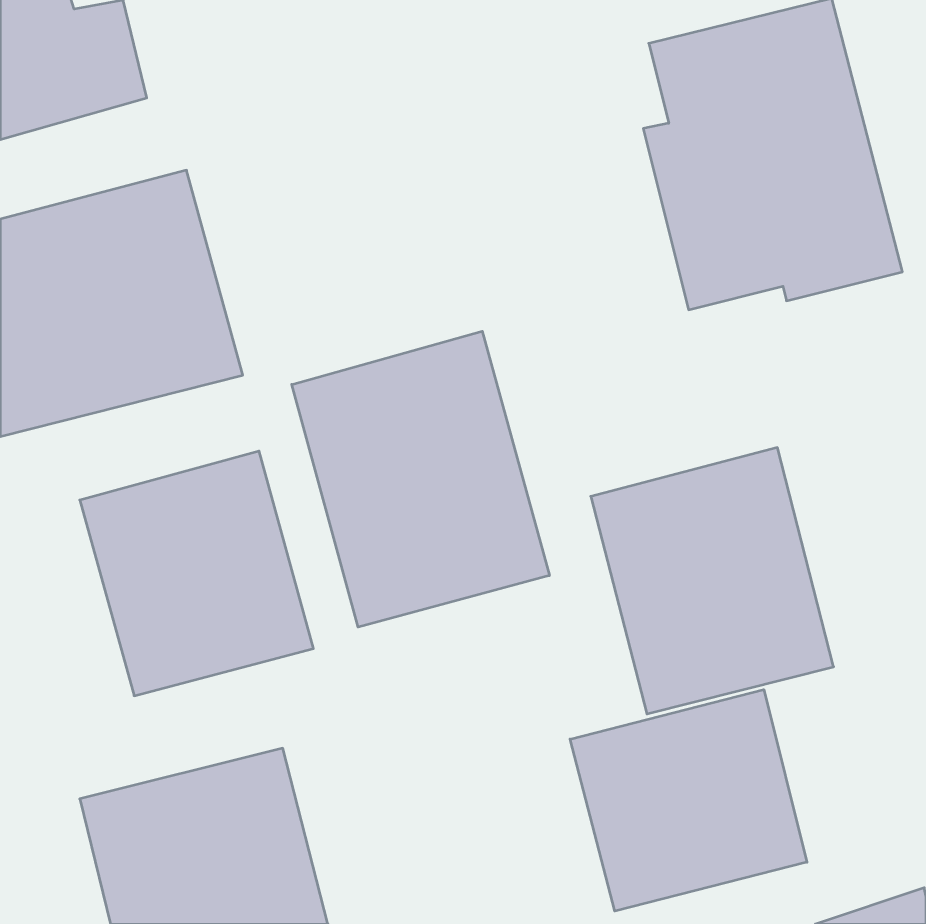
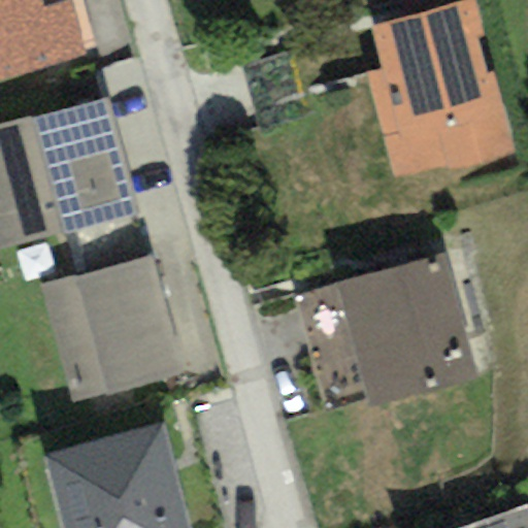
building: [292,331,549,627] -> none
building: [570,690,807,911] -> none

